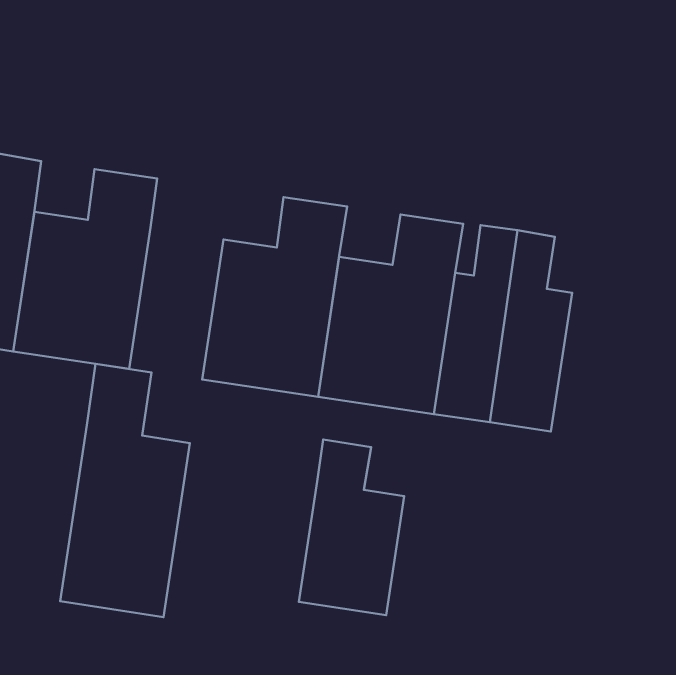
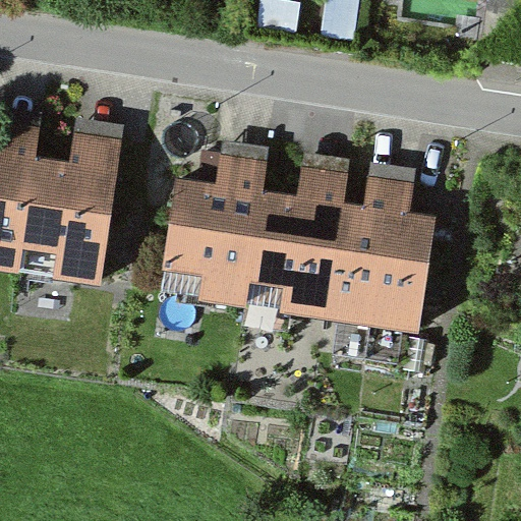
building: [60,364,190,617] -> none
building: [299,439,404,615] -> none

